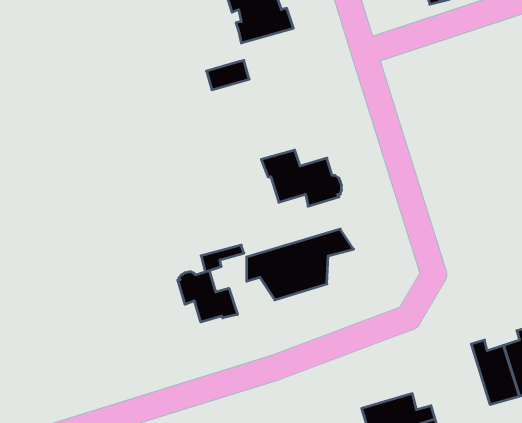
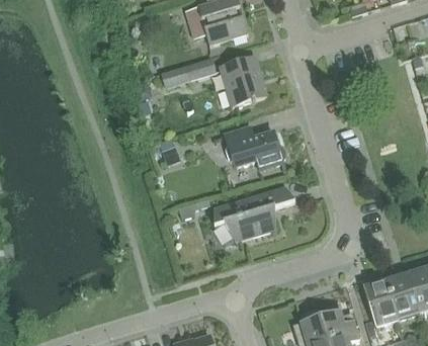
building: none -> [219,56,265,104]
building: [178,271,237,322] -> none
building: none -> [363,272,397,325]

